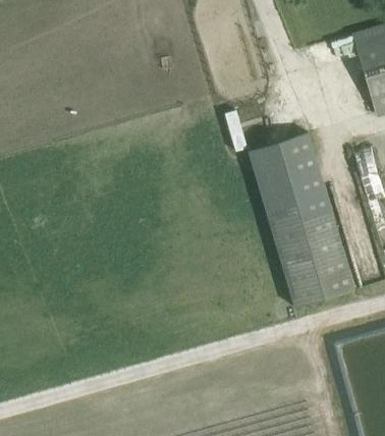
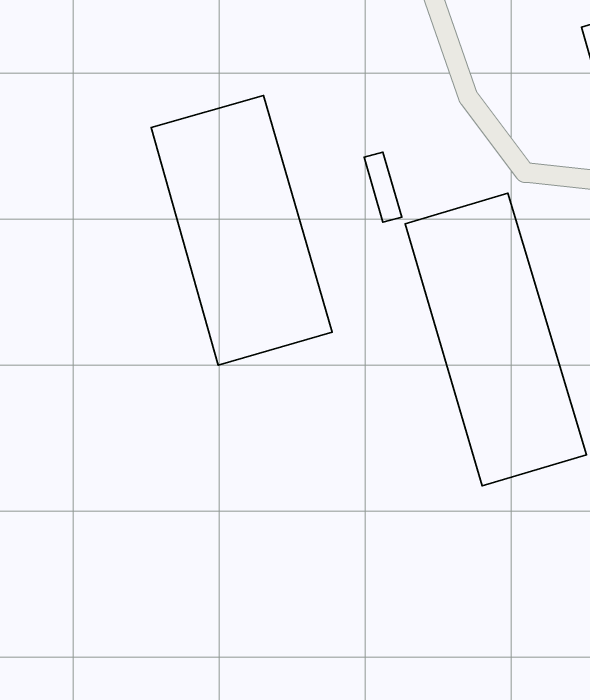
building: none -> [151,95,332,365]

